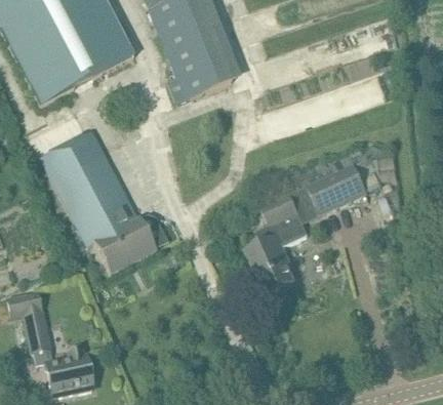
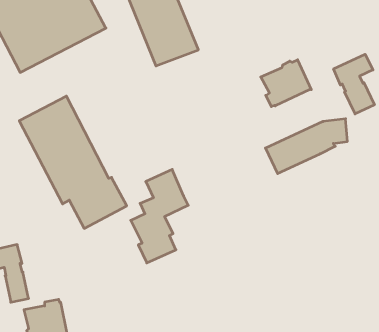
building: none -> [334,54,374,114]
building: none -> [261,60,311,107]
building: [245,194,308,295] -> [131,169,188,263]

